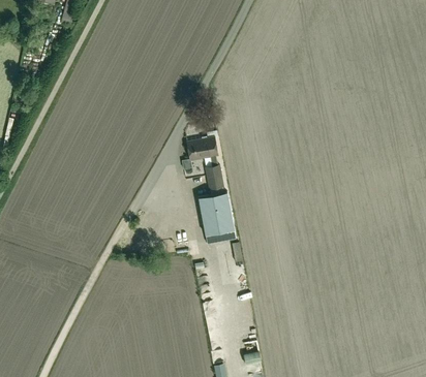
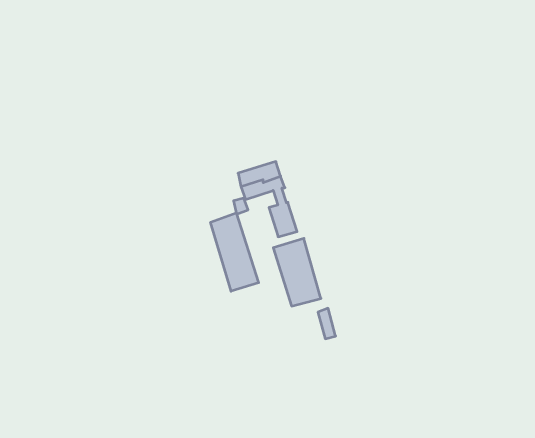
building: none -> [211,213,259,291]

